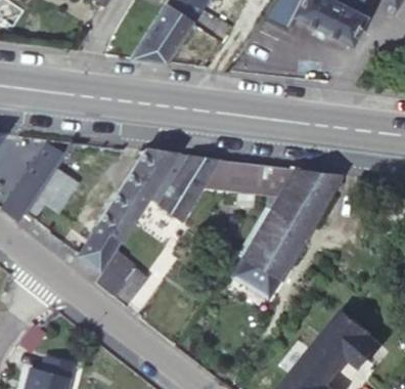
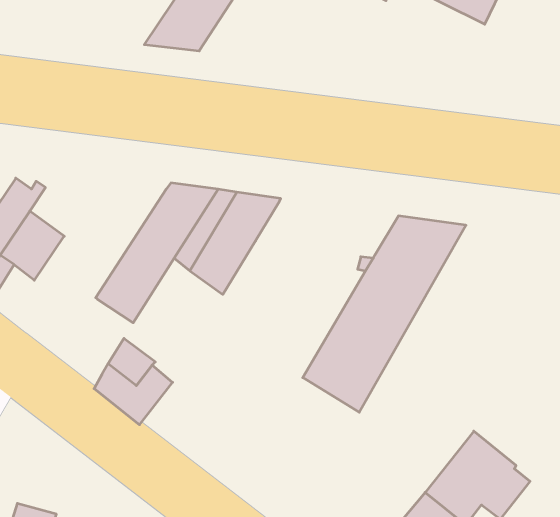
building: [202,161,296,196] -> none
building: [80,224,123,273] -> none

